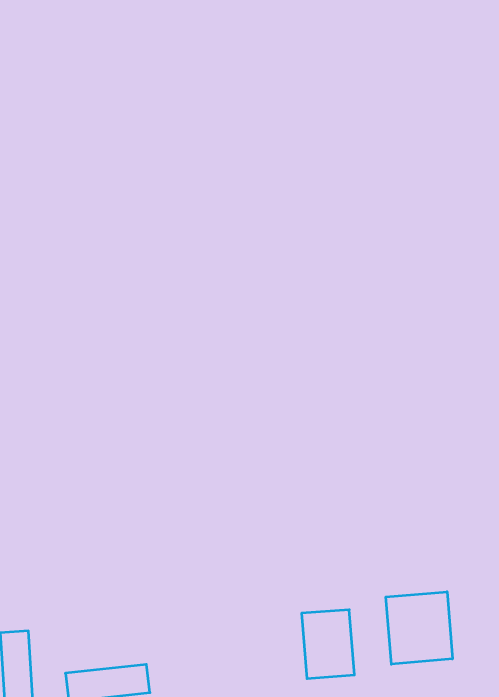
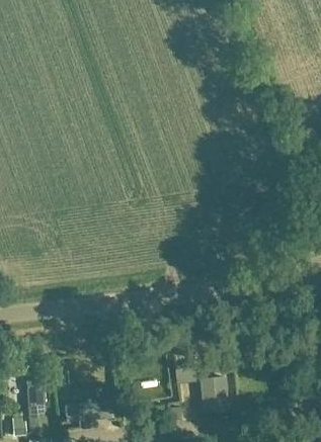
building: [386,592,452,664] -> none

